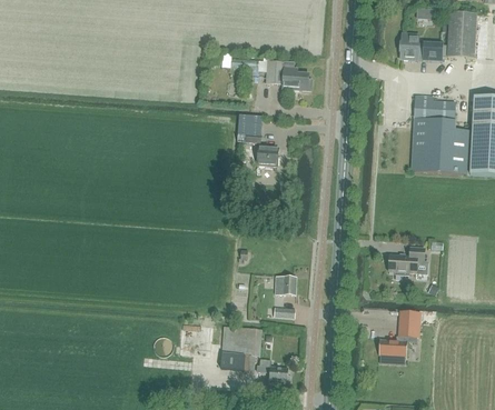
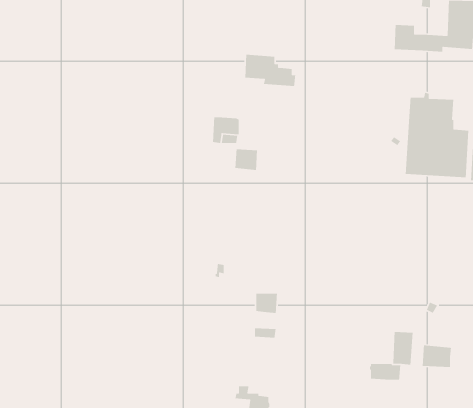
building: [388,247,427,274] -> none
building: none -> [422,345,452,368]
building: [220,327,261,373] -> none

